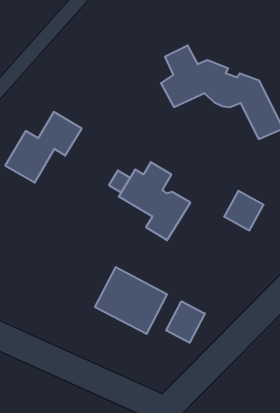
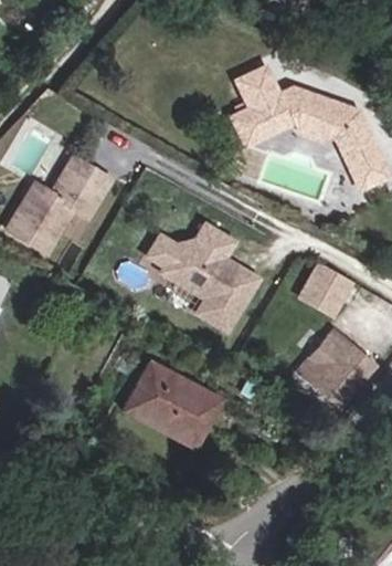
building: none -> [300,325,373,399]
building: [166,301,205,343] -> none

